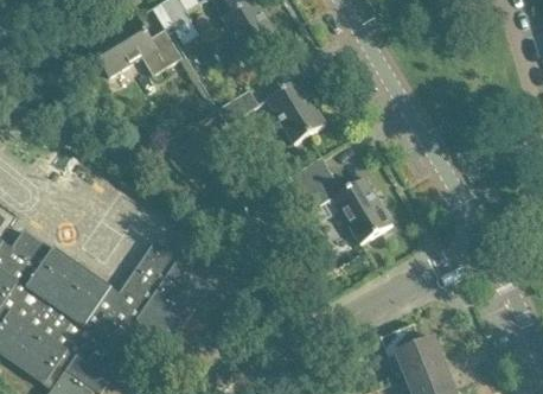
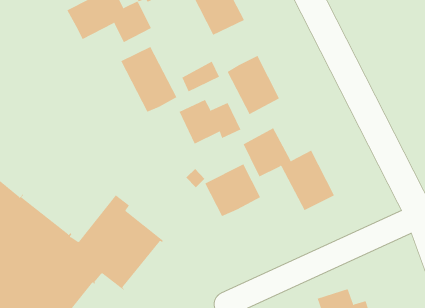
building: none -> [121,46,177,112]
building: none -> [179,99,241,144]
building: none -> [205,164,261,217]

